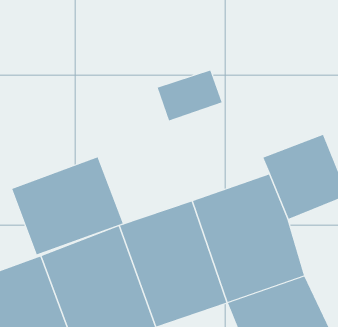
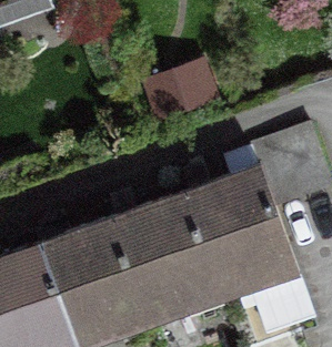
building: [11,156,124,255] -> none

